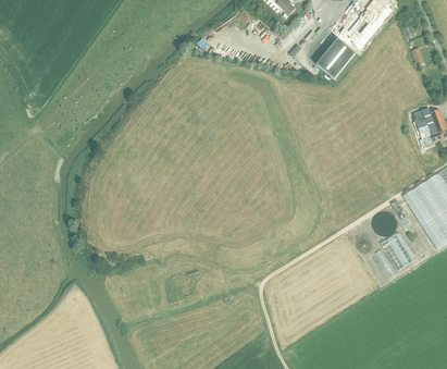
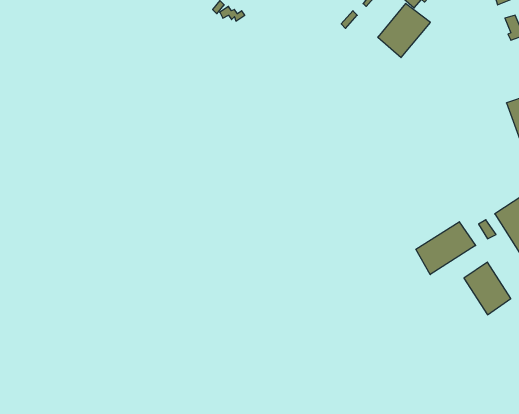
building: none -> [416,222,476,275]

